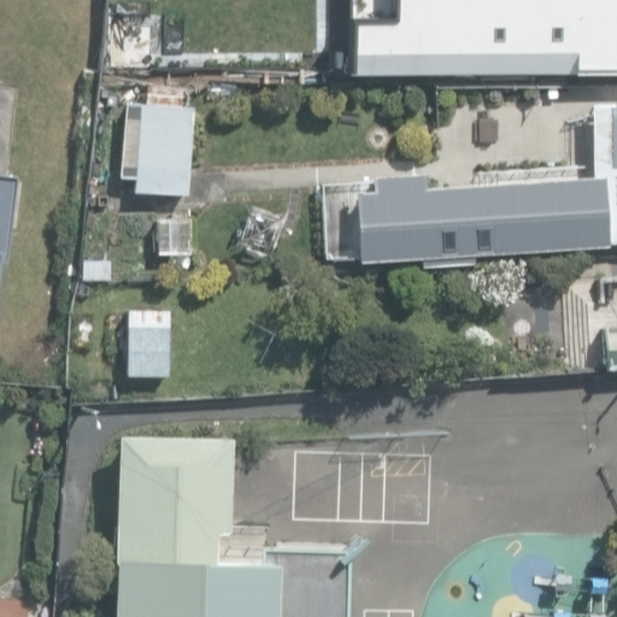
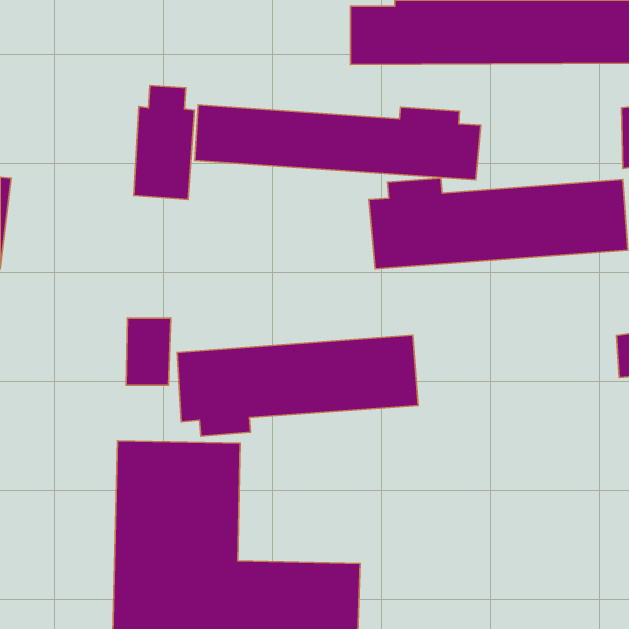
building: none -> [195,105,481,180]
building: none -> [177,335,418,436]

